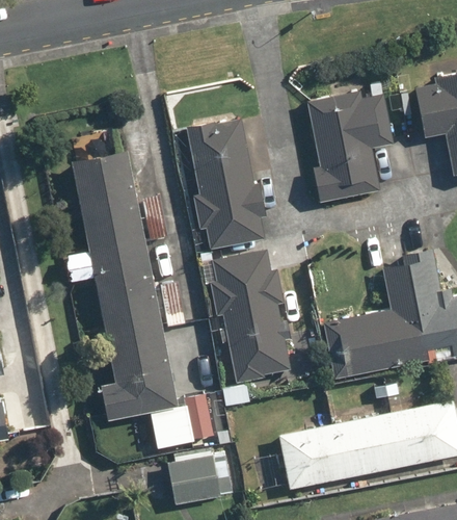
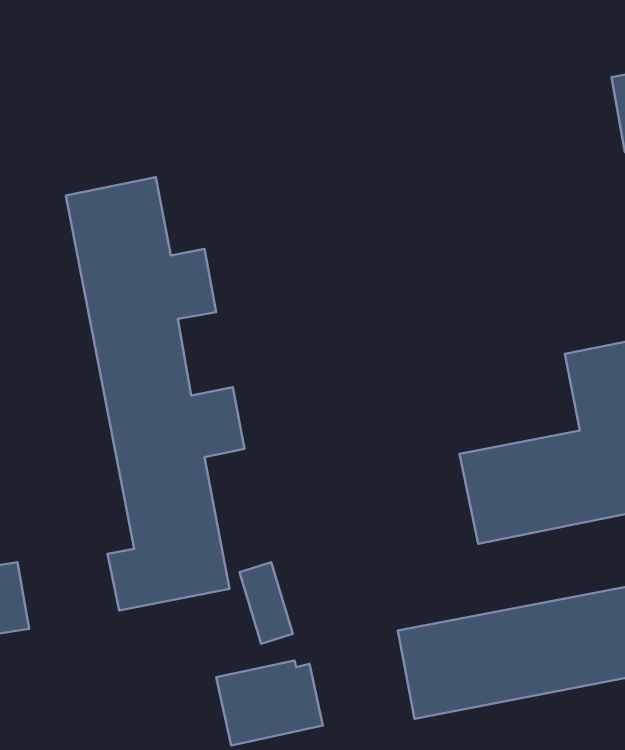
building: [310,88,392,202] -> none
building: [185,121,266,252] -> none
building: [210,255,291,399] -> none

